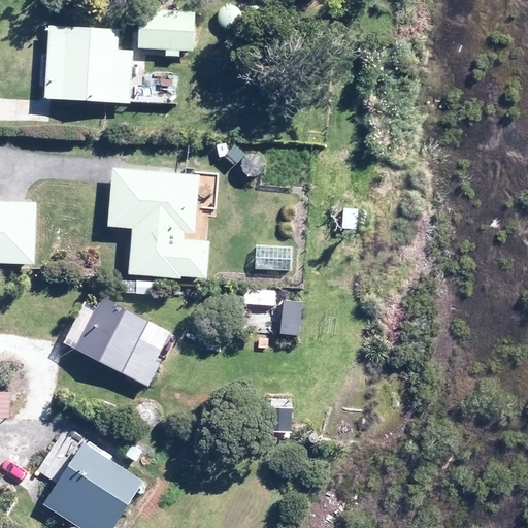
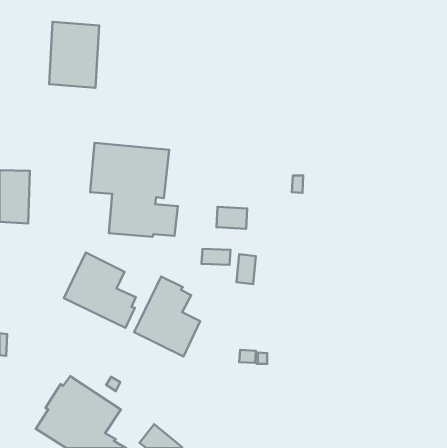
building: [136,9,193,52] -> none
building: none -> [134,277,200,357]

